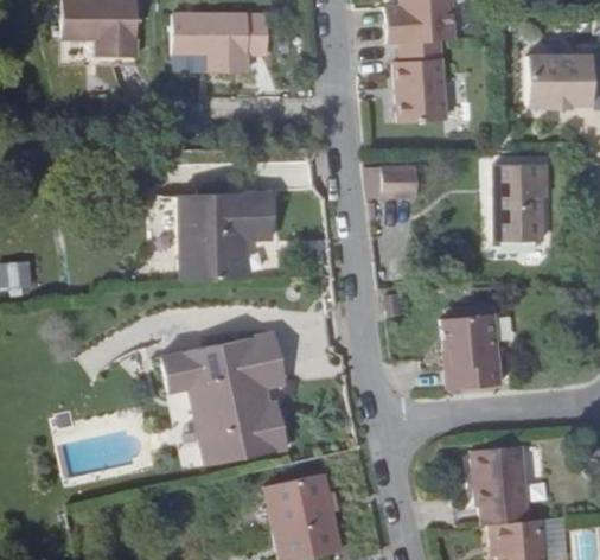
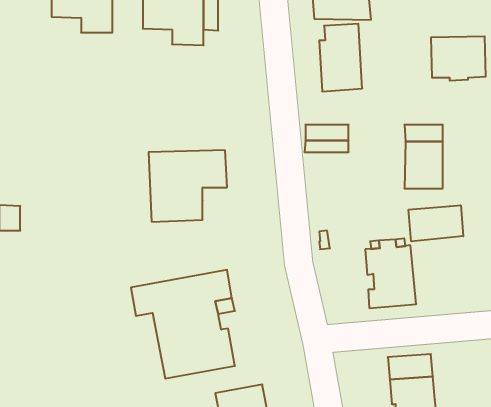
building: none -> [409,205,463,241]

